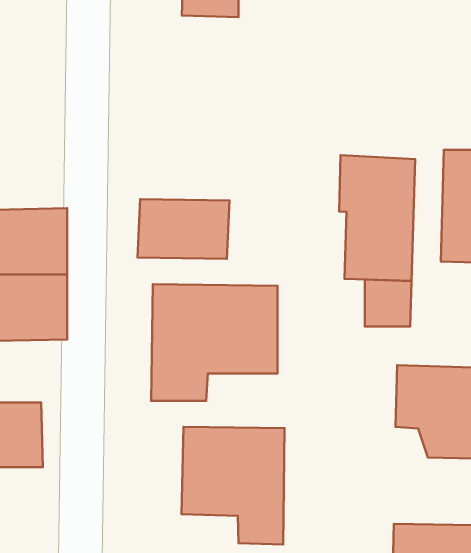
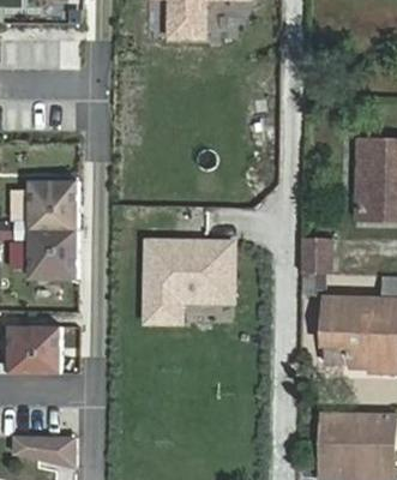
building: [339,155,415,281] -> none
building: [138,199,229,259] -> none
building: [182,427,285,545] -> none

